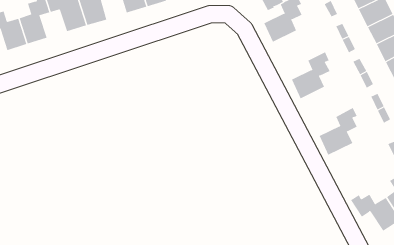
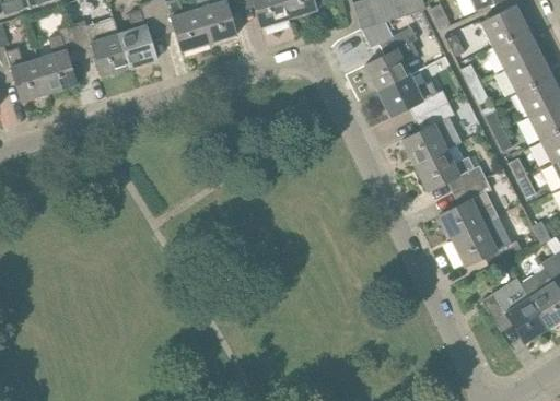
building: none -> [377,74,448,117]
building: none -> [415,150,486,192]
building: none -> [452,225,523,268]

